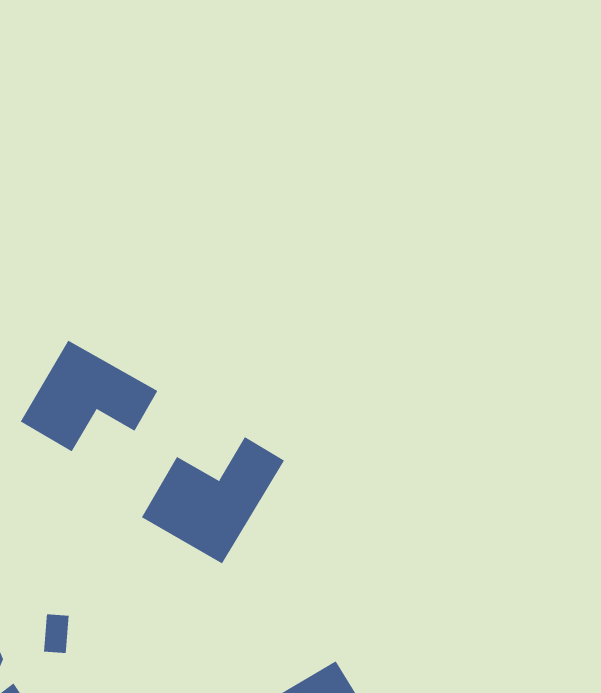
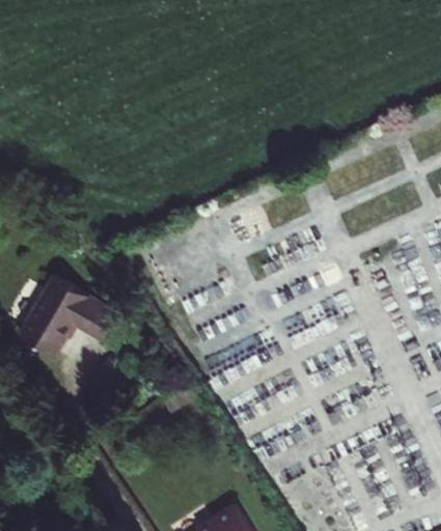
building: [141,436,285,564] -> none

